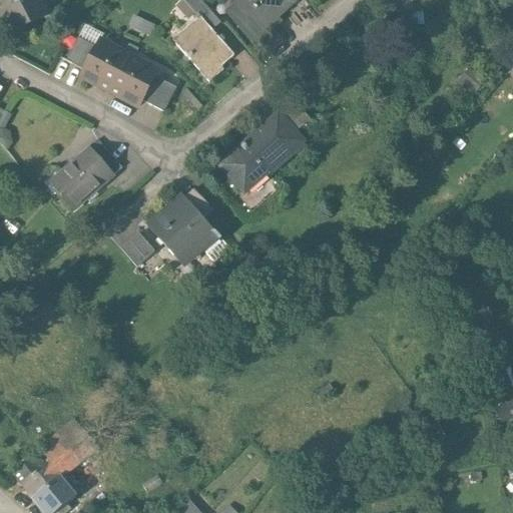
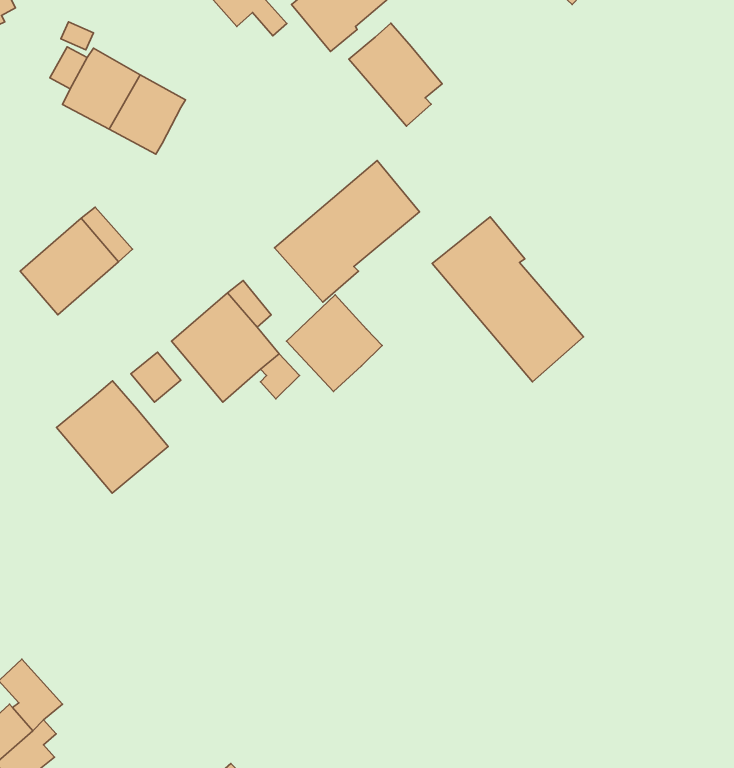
building: [173,13,233,79] -> [349,23,442,126]
building: [142,74,174,108] -> none
building: none -> [432,217,583,382]
building: none -> [287,295,382,392]
building: none -> [56,381,168,493]

